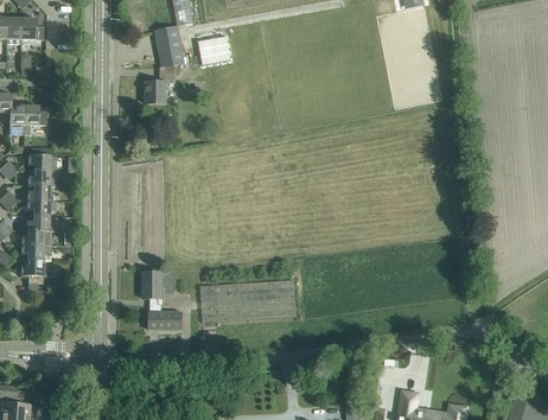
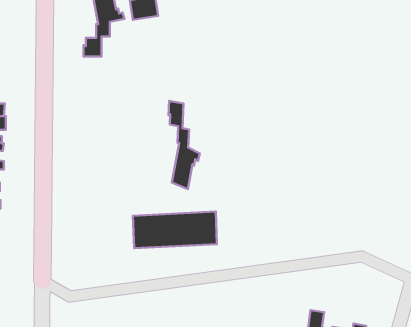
building: none -> [169,101,200,189]
building: [142,272,180,329] -> none

